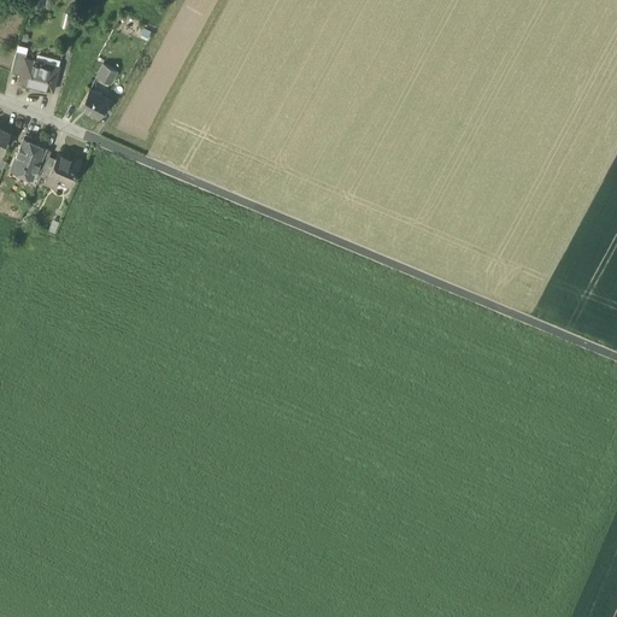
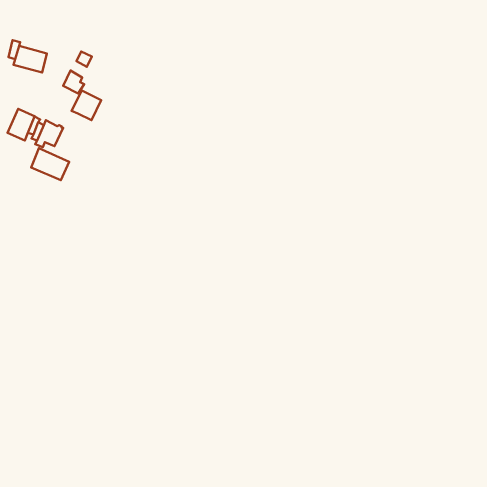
building: none -> [72,90,101,120]
building: none -> [31,148,69,180]

